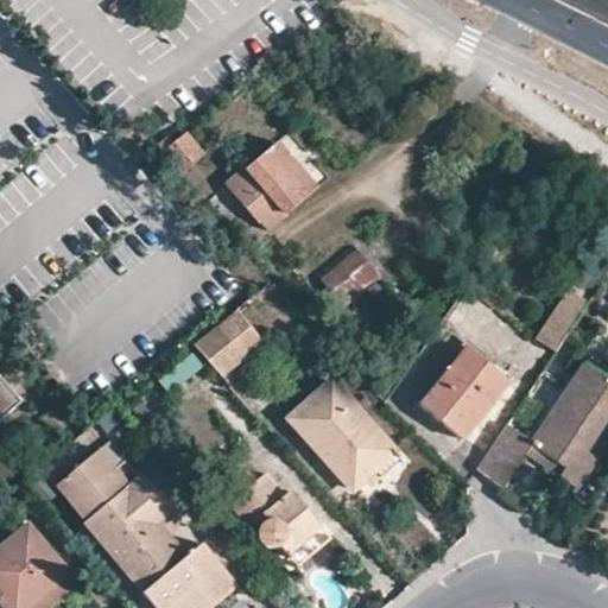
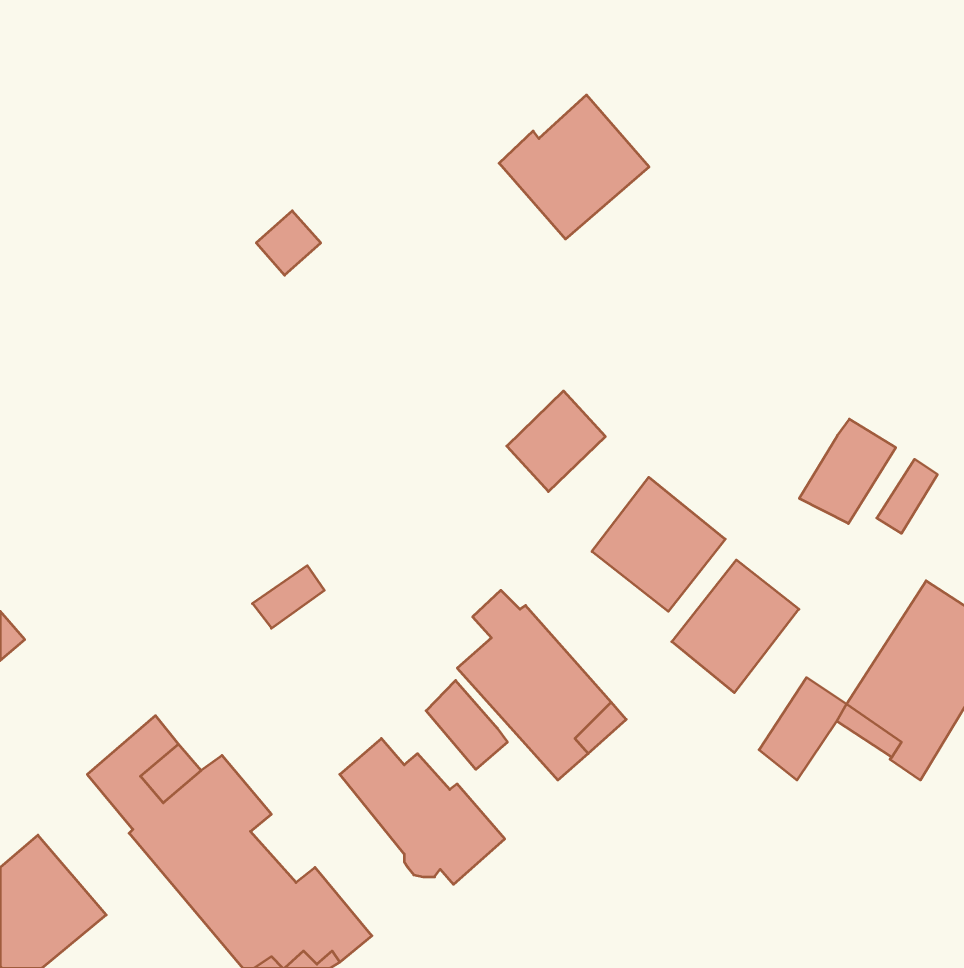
building: [226,140,319,230] -> [499,95,649,239]
building: none -> [799,419,896,524]
building: none -> [592,477,725,611]
building: [192,309,259,373] -> none
building: none -> [426,680,507,769]

